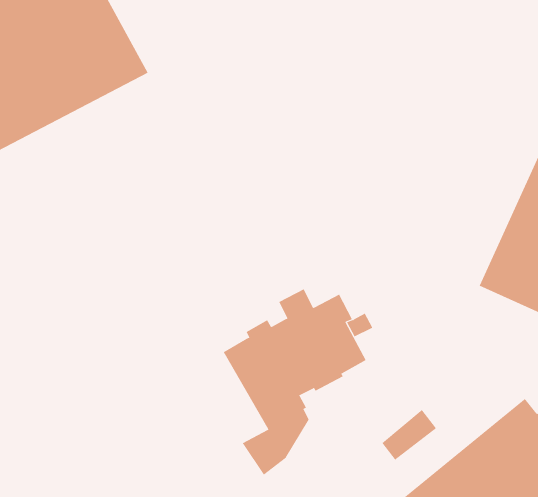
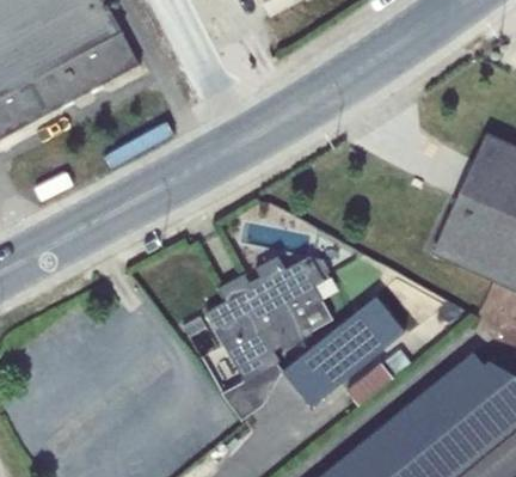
building: none -> [282,296,405,406]

